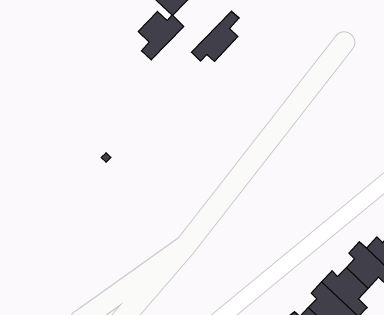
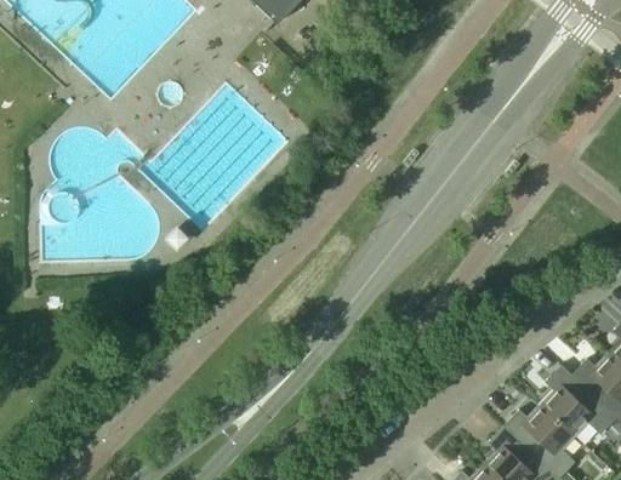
building: [191,11,239,61] -> none
building: [138,11,184,60] -> none

